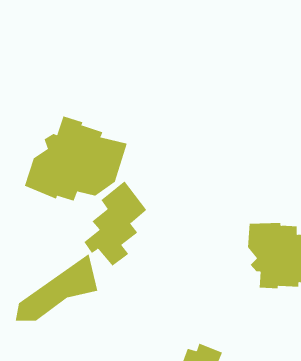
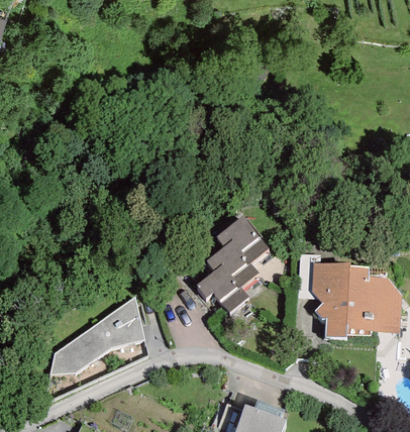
building: [24,115,127,201] -> none
building: [83,180,147,266] -> [197,214,269,311]

